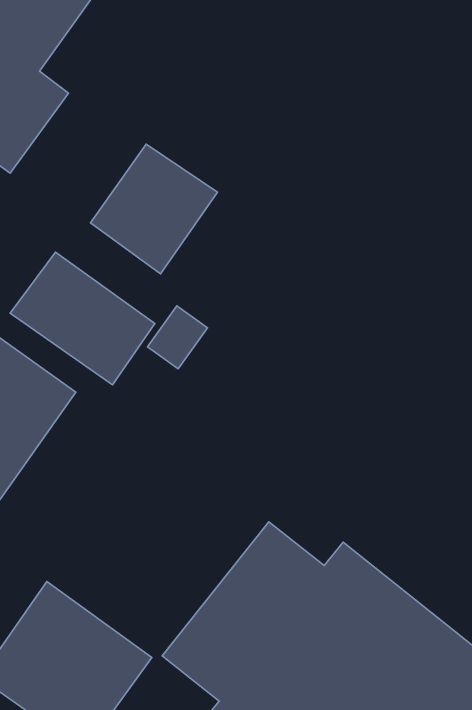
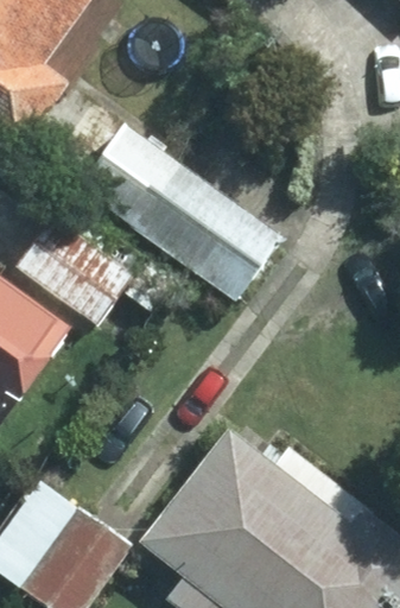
building: none -> [138,165,282,299]

